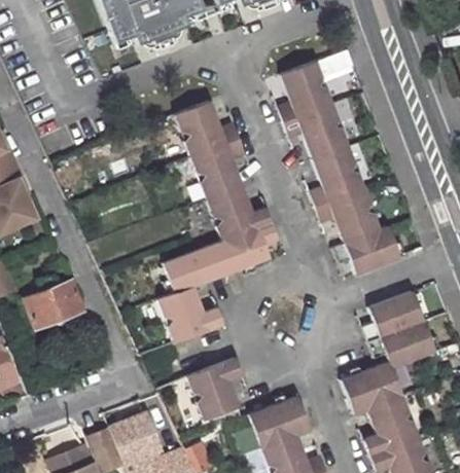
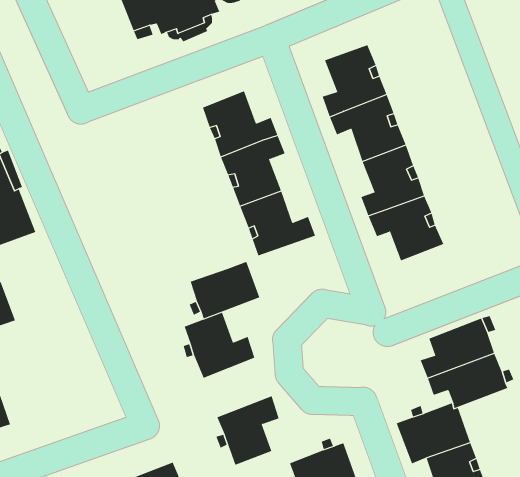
building: [214,221,279,274] -> none
building: [333,225,402,275] -> none
building: [26,278,82,329] -> none

